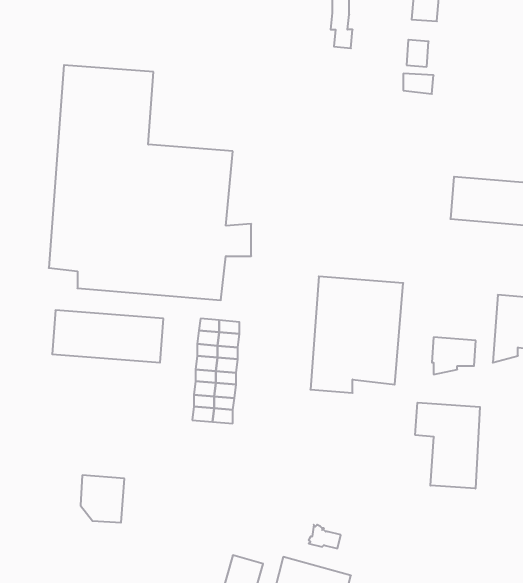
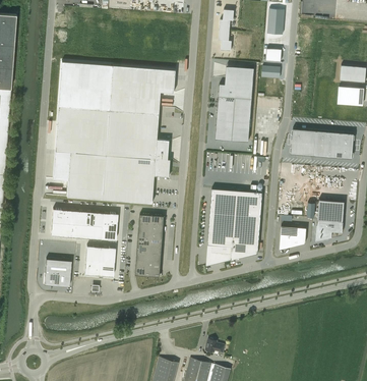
building: none -> [109,65,176,113]
building: none -> [216,67,254,142]
building: none -> [84,246,115,276]
building: [415,403,480,489] -> none
building: [81,475,124,523] -> [45,258,71,286]

